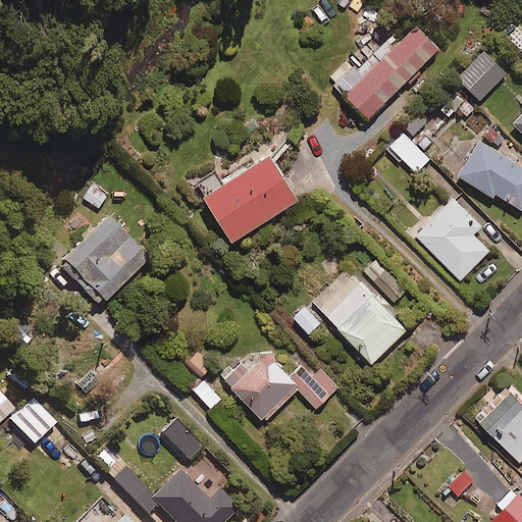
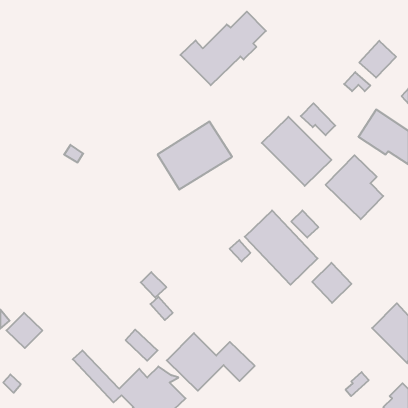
building: [329,24,438,118] -> [180,12,266,85]
building: none -> [262,117,331,186]
building: [57,218,147,307] -> none
building: none -> [312,263,351,303]
building: [224,348,336,421] -> [167,333,255,391]

